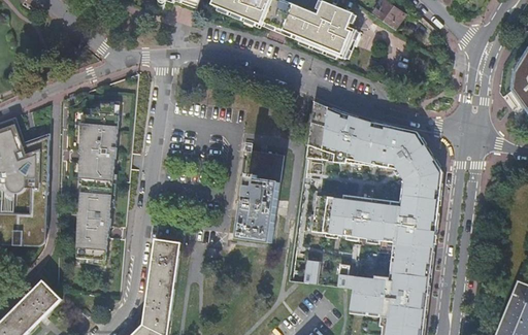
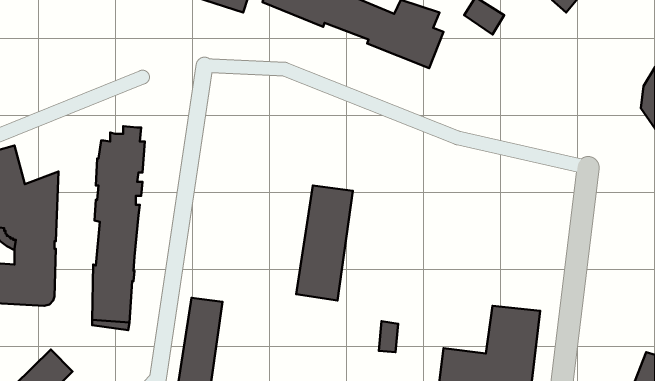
building: [307,101,442,249] -> none

